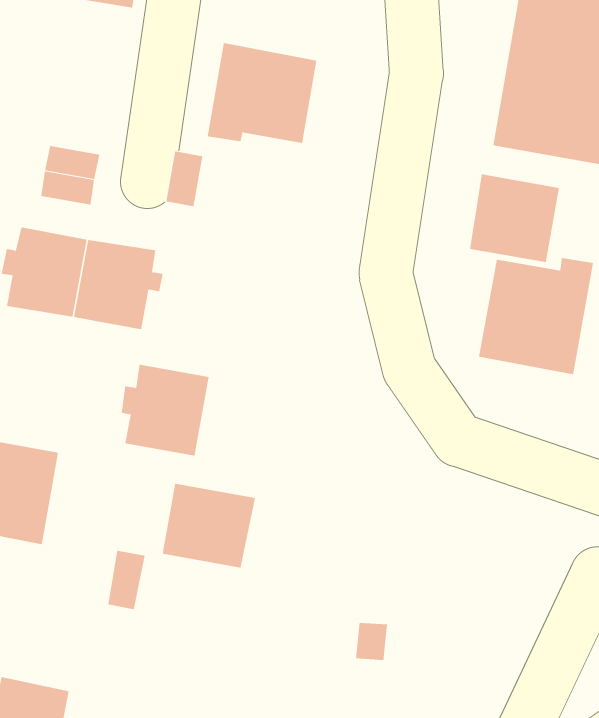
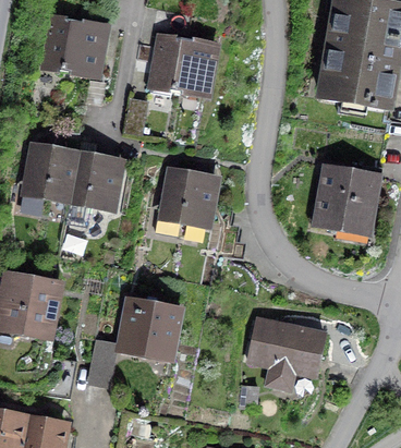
building: none -> [42,15,106,75]
building: [470,173,559,263] -> none
building: [121,364,209,456] -> [161,169,215,225]
building: none -> [248,318,325,387]

